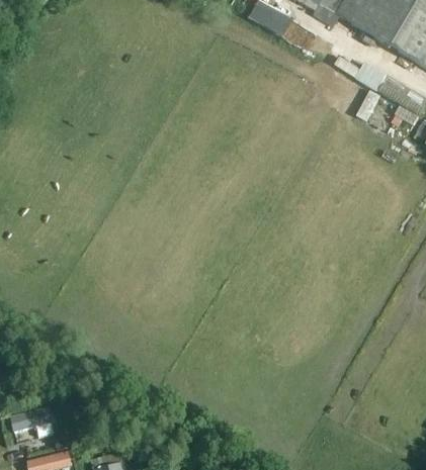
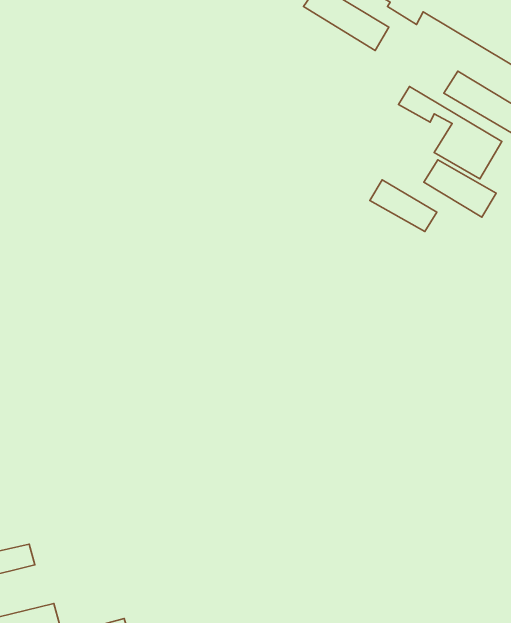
building: none -> [424,160,496,217]
building: none -> [370,180,437,232]

